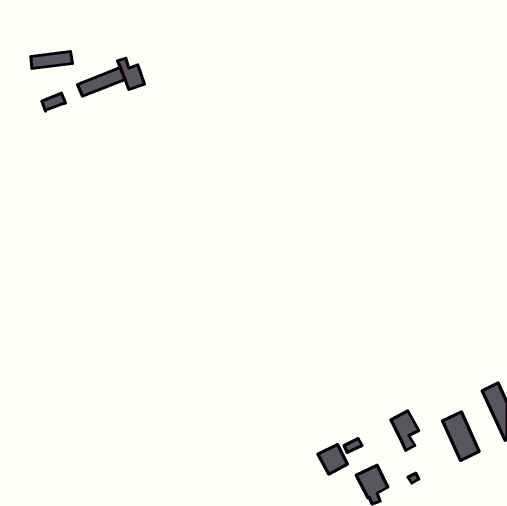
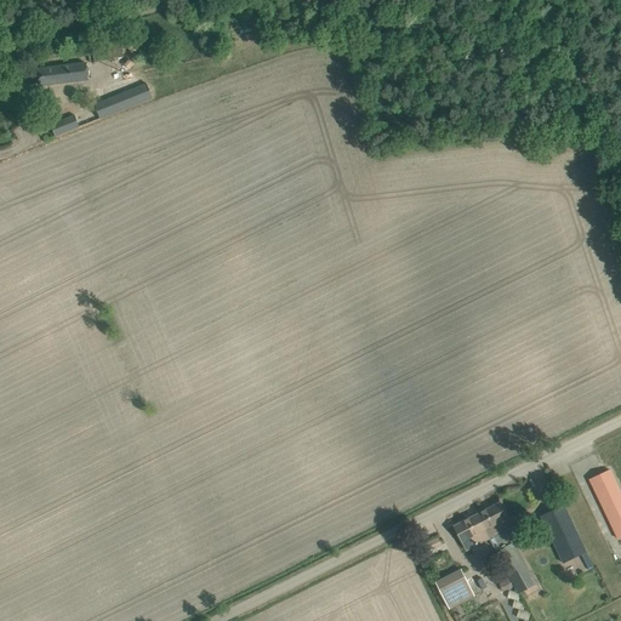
building: [118,58,145,90] -> none
building: none -> [496,542,536,593]
building: [318,444,348,474] -> [454,513,490,549]

